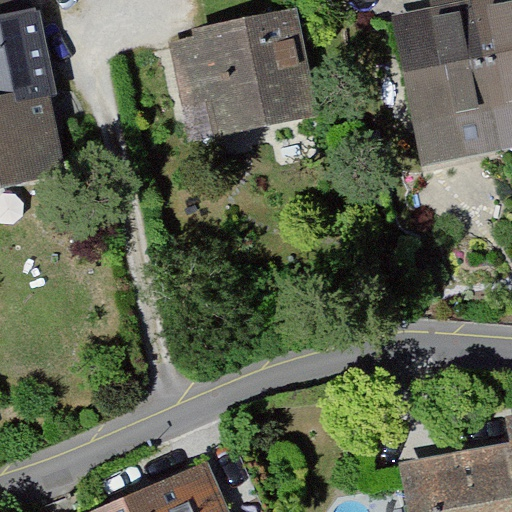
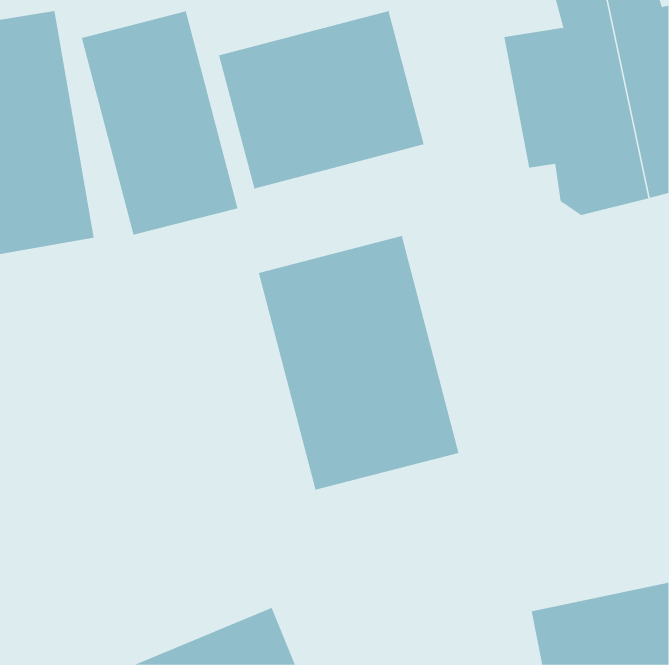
building: none -> [81,11,238,236]
building: none -> [258,235,459,491]

